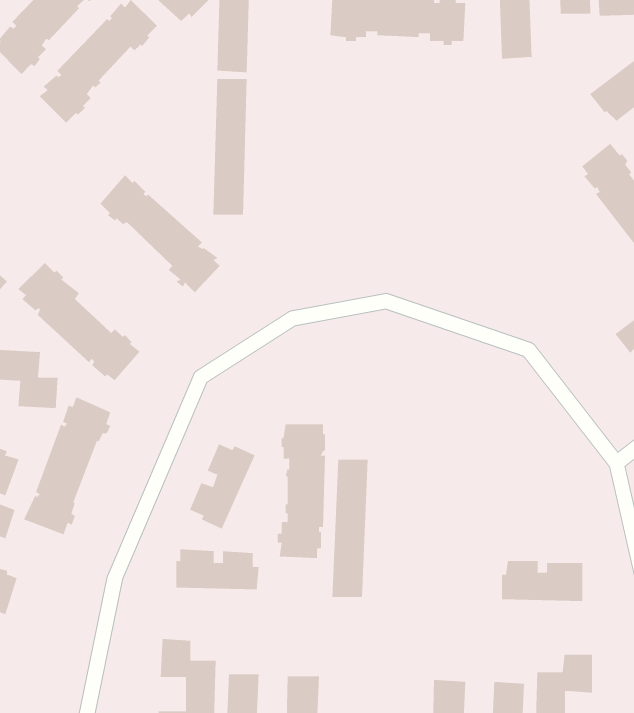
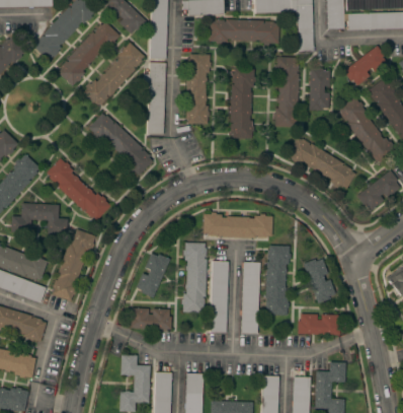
building: none -> [83,42,145,107]
building: none -> [185,54,212,124]
building: none -> [273,57,299,127]
building: none -> [230,68,252,138]
building: none -> [310,68,330,110]
building: none -> [287,137,355,191]
building: none -> [203,212,272,237]
building: none -> [265,245,291,316]
building: none -> [303,259,335,300]
building: none -> [241,262,260,334]

